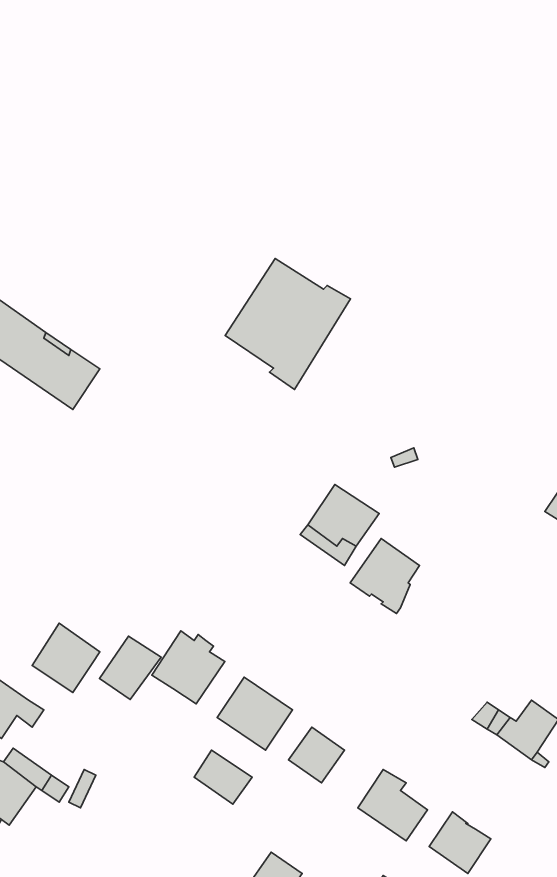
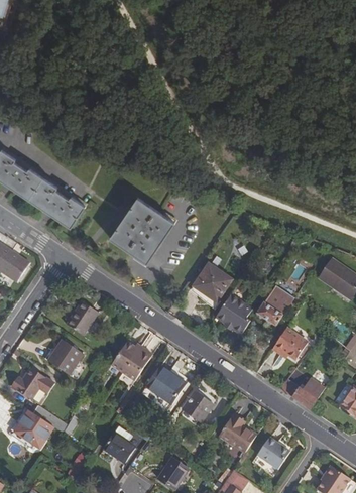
building: [225,258,350,389] -> [110,195,175,263]
building: none -> [256,285,294,326]
building: none -> [272,328,307,360]
building: [99,636,161,700] -> [66,302,98,336]
building: [194,750,252,804] -> [104,434,134,462]

